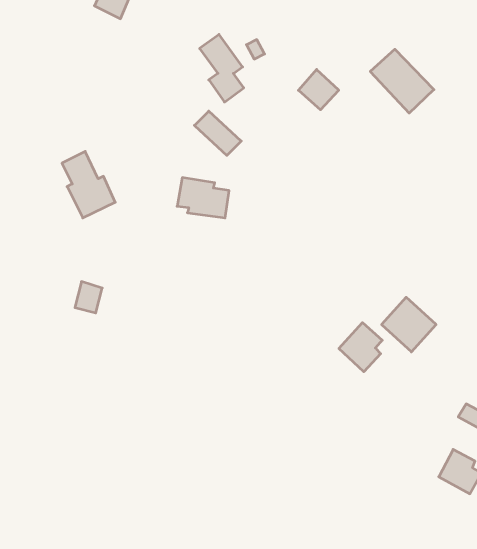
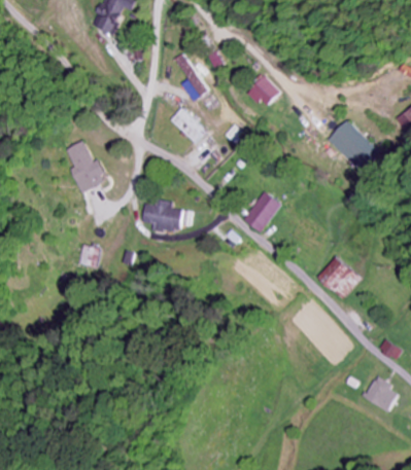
building: [370,49,434,113] -> [331,120,381,171]
building: [177,178,229,218] -> [140,200,181,231]
building: none -> [242,190,281,231]
building: [339,323,382,372] -> none

